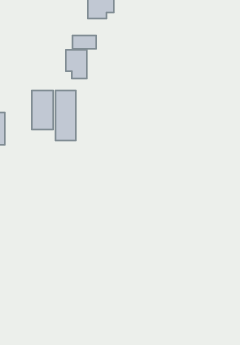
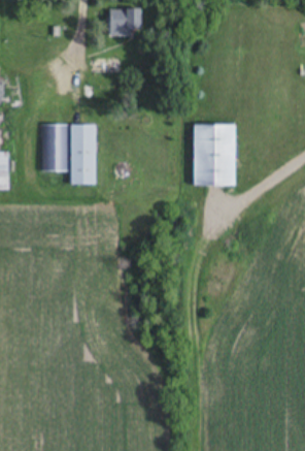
building: [66,50,87,79] -> none
building: none -> [194,124,235,186]

